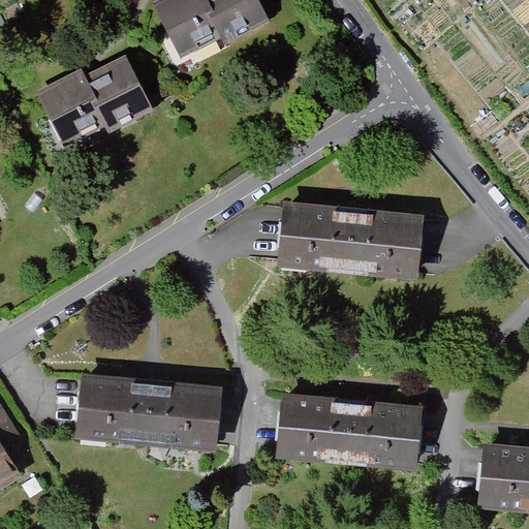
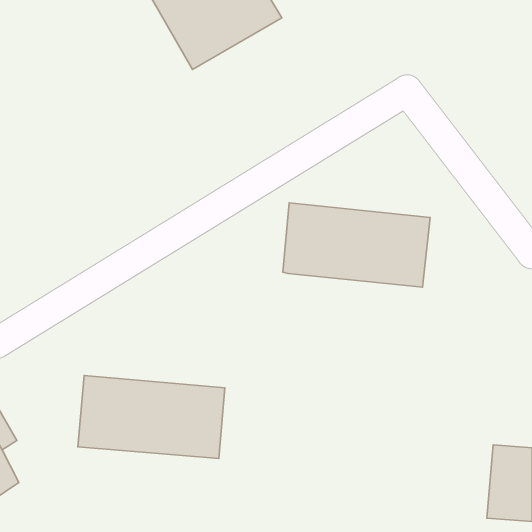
building: [43,54,165,142] -> none
building: [272,387,419,475] -> none

